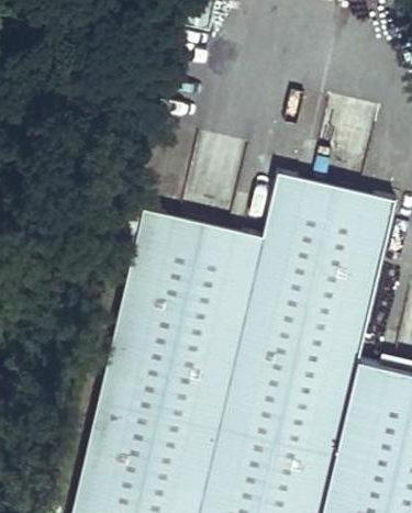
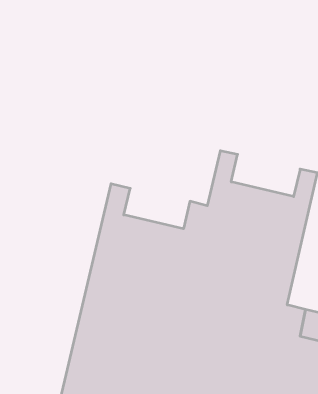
building: [287,186,369,236] -> none
building: [158,226,237,275] -> none

